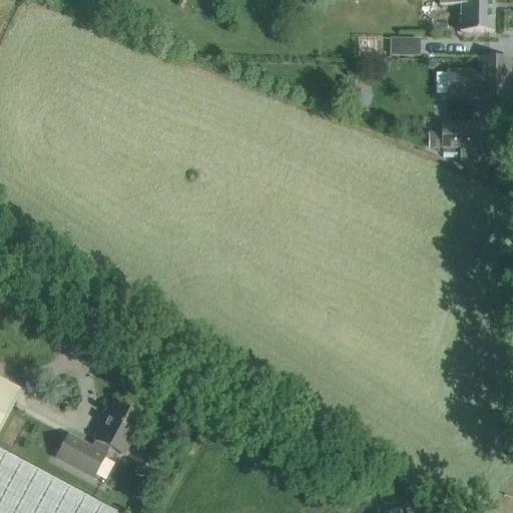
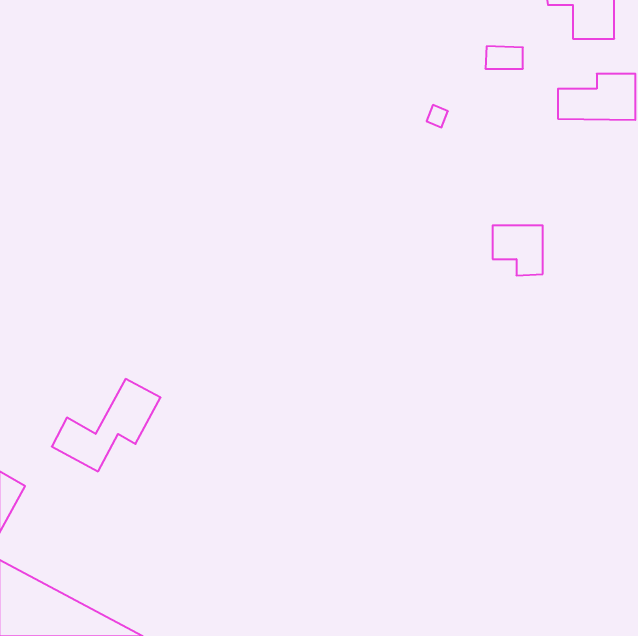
building: [440,121,480,161] -> [493,225,543,275]
building: [55,403,142,477] -> [52,379,161,471]

